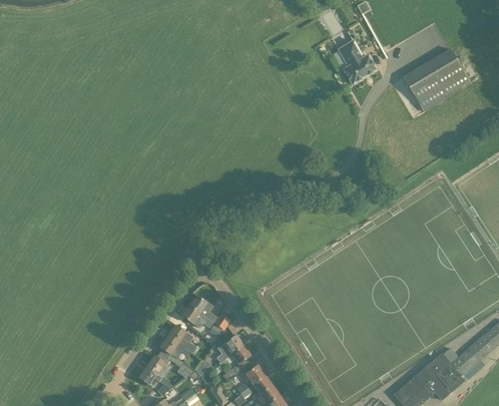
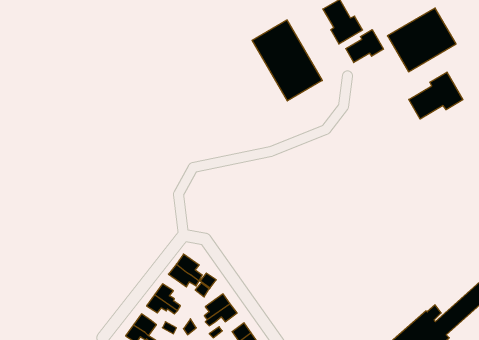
building: none -> [252,20,322,101]
building: none -> [346,30,383,63]
building: none -> [409,72,463,119]

